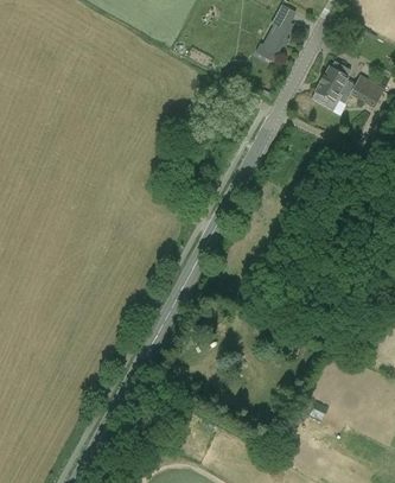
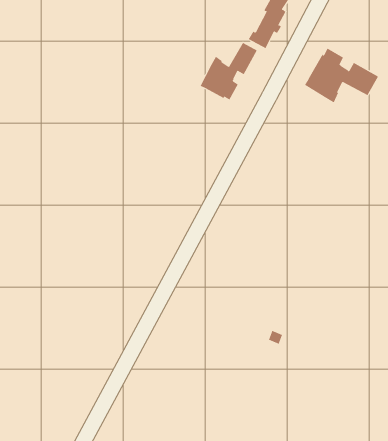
building: none -> [200,42,257,101]

